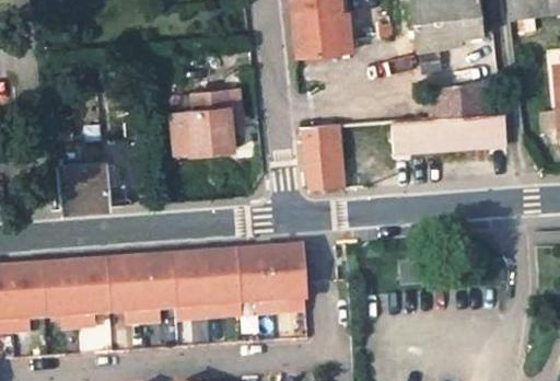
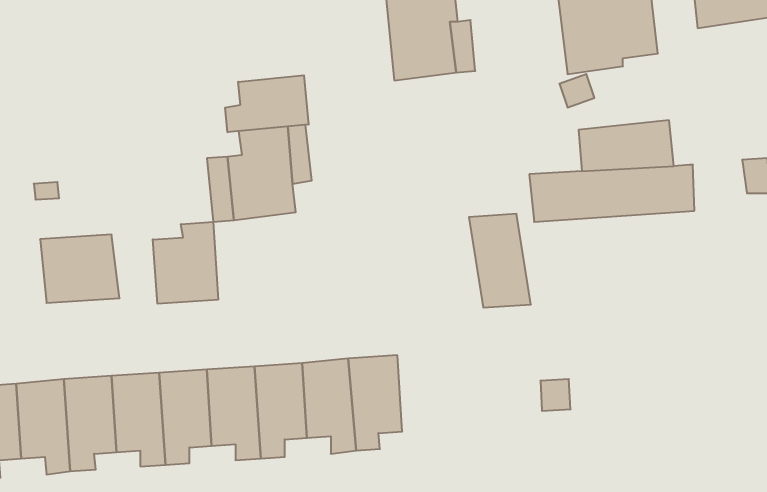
building: none -> [225,75,309,132]
building: [300,126,342,190] -> [469,214,531,308]
building: none -> [153,222,218,304]

